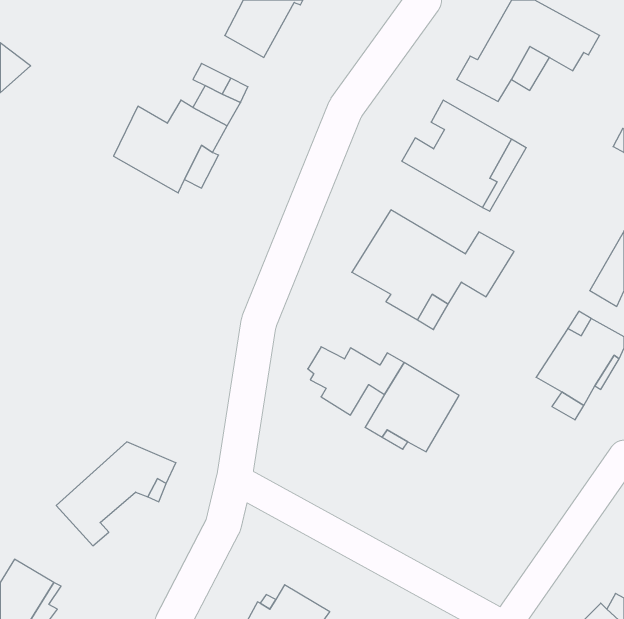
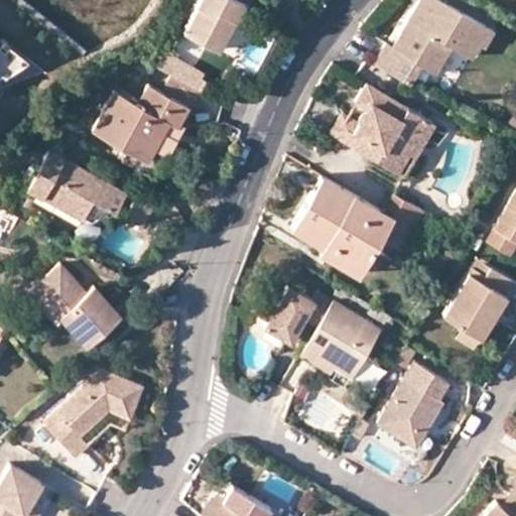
building: none -> [25,149,125,219]
building: none -> [29,265,121,347]
building: none -> [379,364,449,447]

